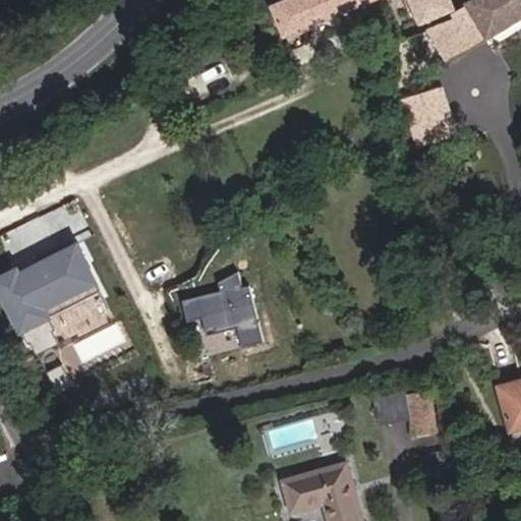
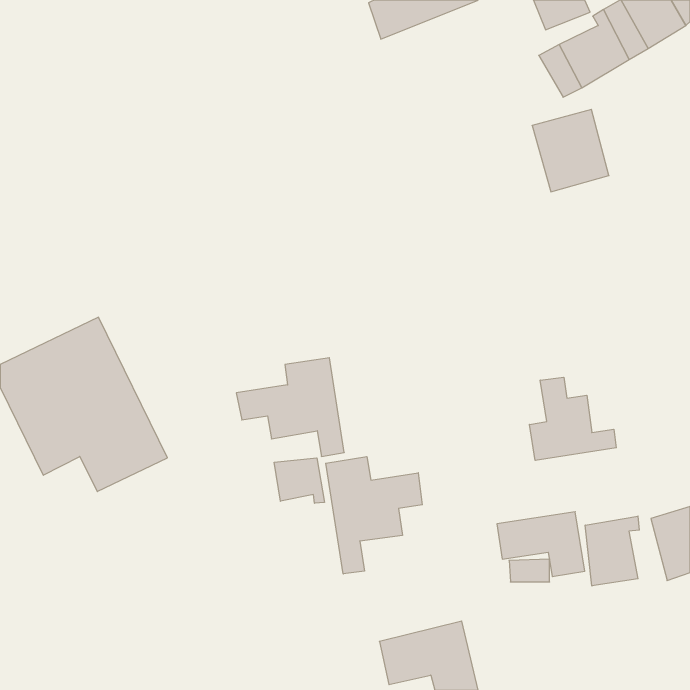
building: none -> [529,377,616,460]
building: none -> [326,457,422,574]
building: none -> [274,458,324,503]
building: none -> [585,516,639,586]

